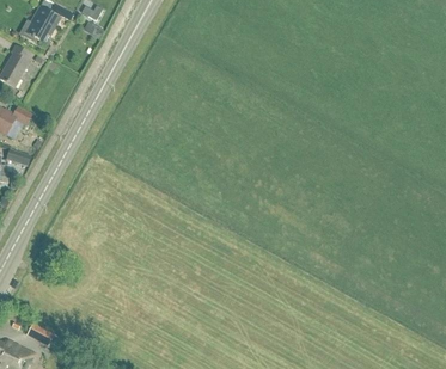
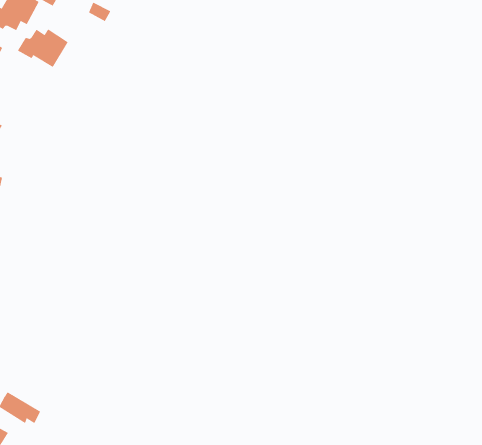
building: none -> [17,29,68,68]

